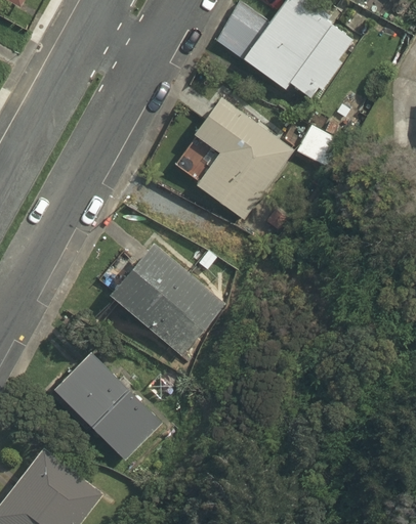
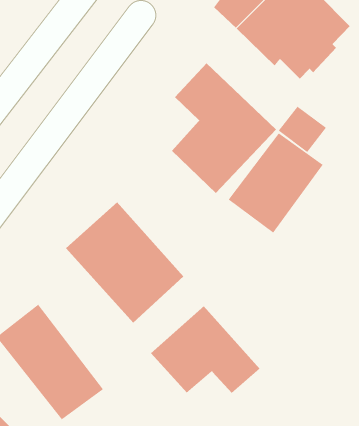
building: none -> [228,133,324,234]
building: none -> [150,306,261,394]

